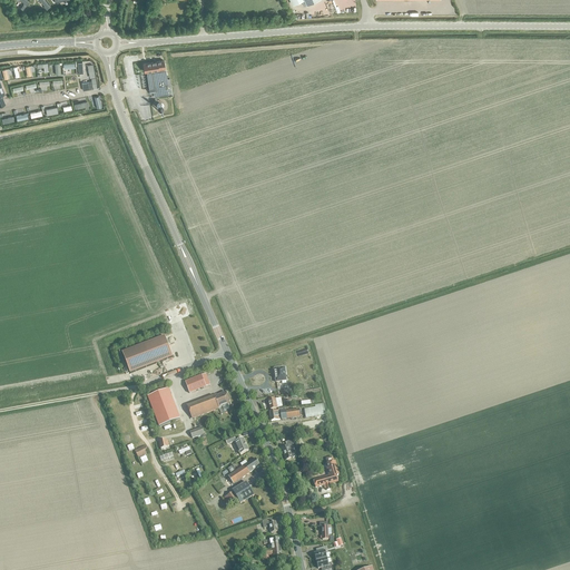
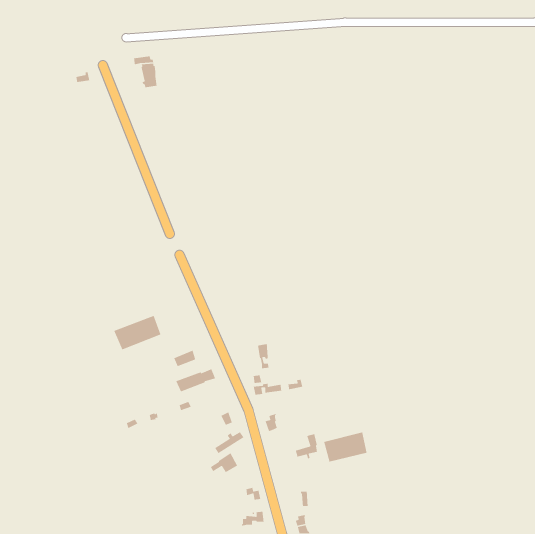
building: [147,386,179,424] -> none
building: none -> [323,432,368,463]

